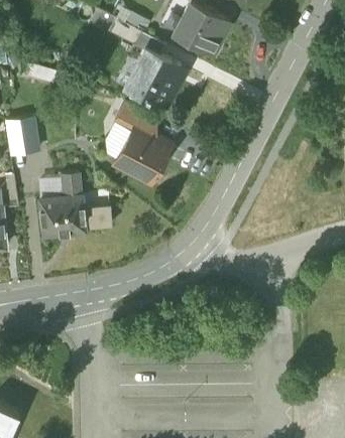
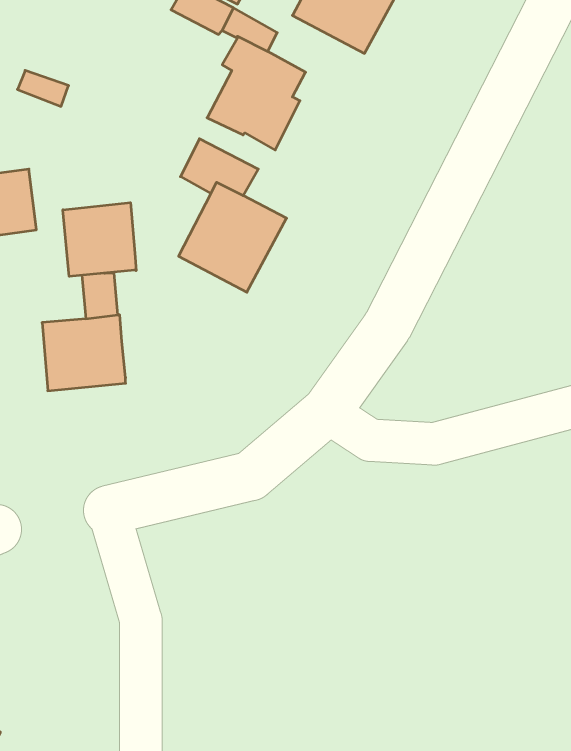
building: none -> [63,203,136,276]
building: [84,206,113,229] -> none

